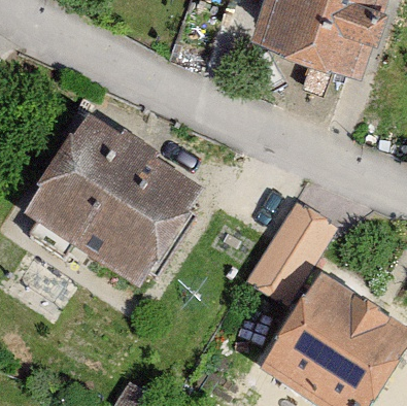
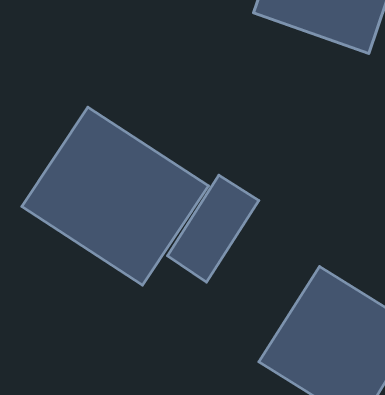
building: [241,196,331,301] -> [168,175,259,282]

